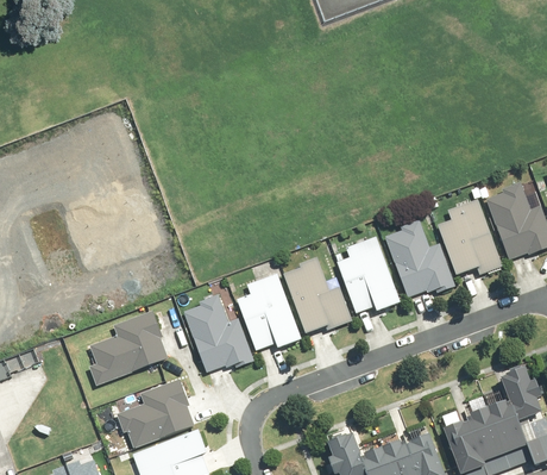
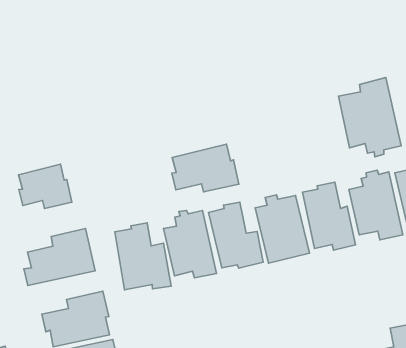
building: none -> [338,78,401,157]
building: none -> [172,144,239,192]
building: none -> [19,164,72,208]

